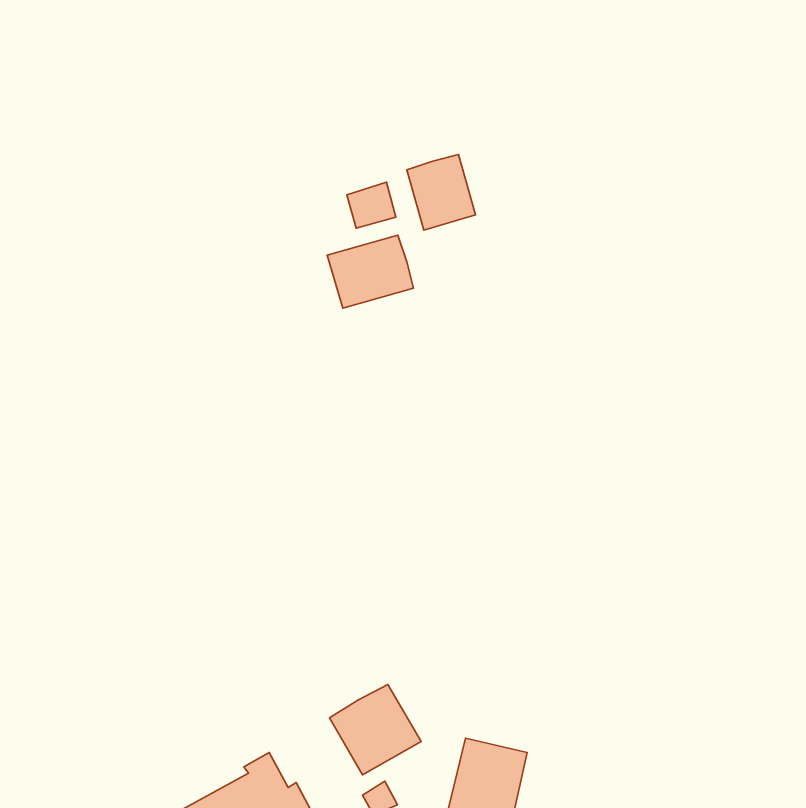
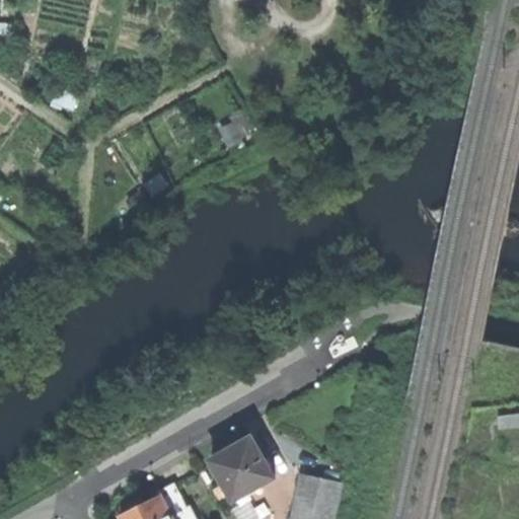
building: [407,155,475,230] -> none
building: [327,235,413,308] -> none

